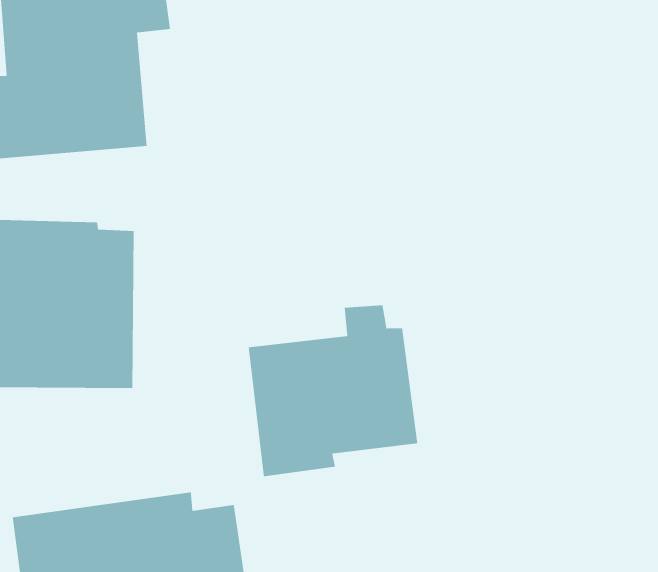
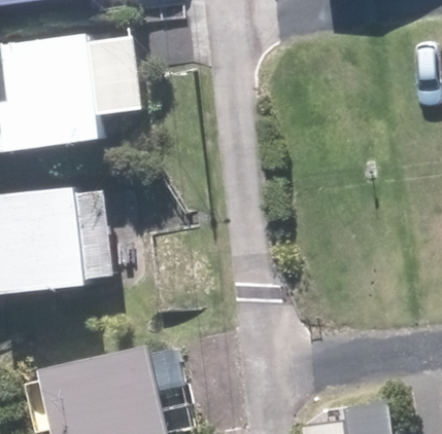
building: [248,304,418,477] -> none

